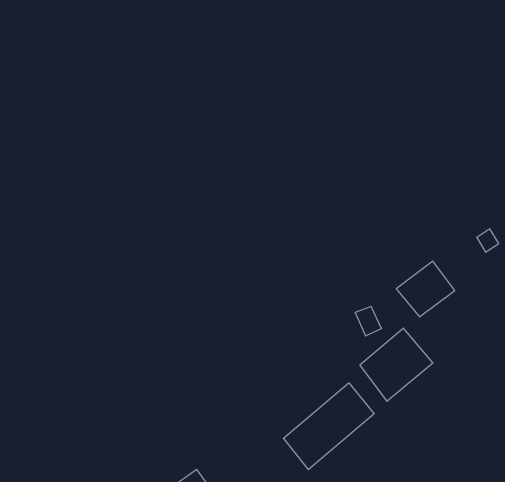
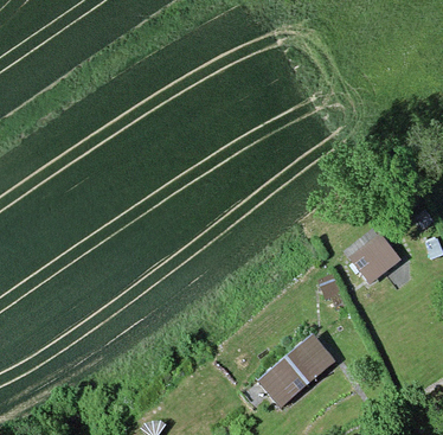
building: [360,328,433,401] -> none

